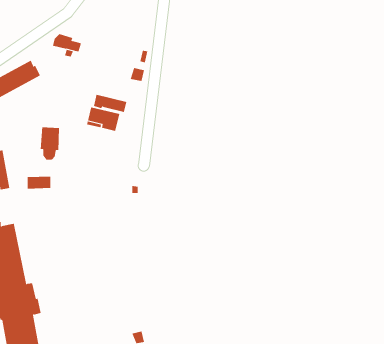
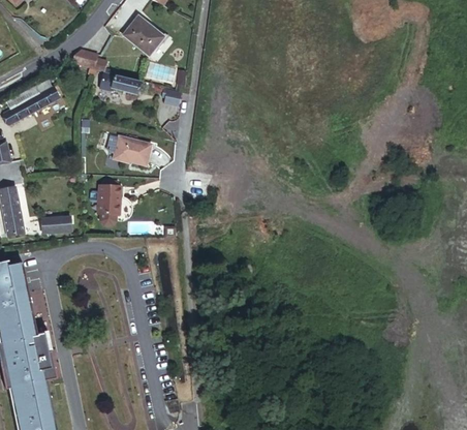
building: none -> [121,17,161,55]
building: [93,94,127,112] -> [98,72,138,94]
building: [40,127,60,160] -> [96,185,120,224]

